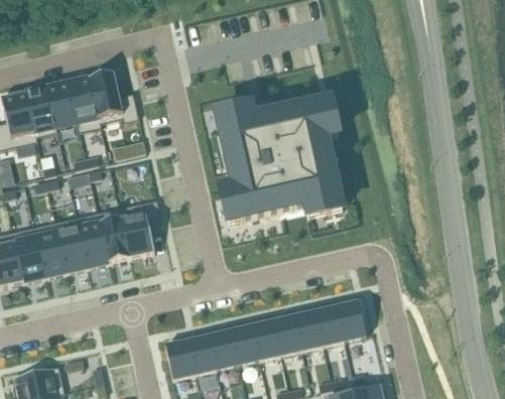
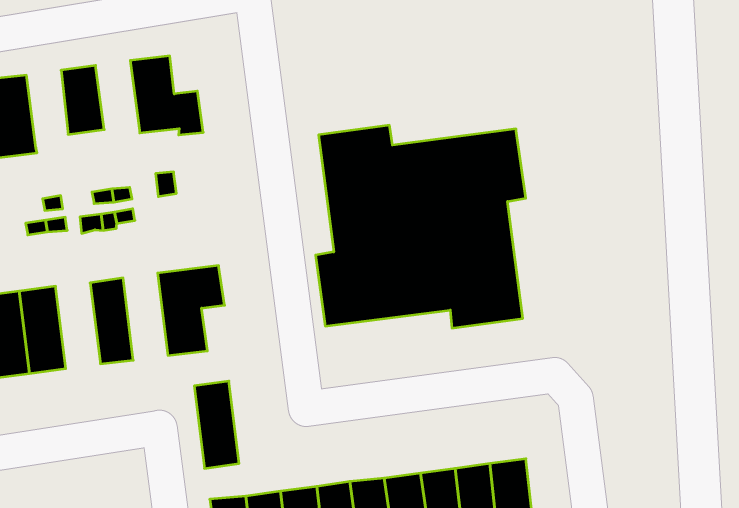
building: [69,77,101,130] -> none
building: [26,87,56,136] -> none
building: [98,207,130,262] -> [194,381,239,468]
building: [56,217,89,271] -> none

